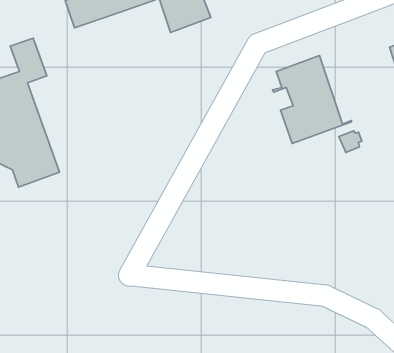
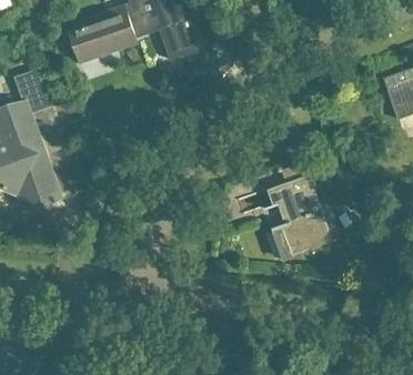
building: [273,55,352,144] -> [263,174,340,260]

